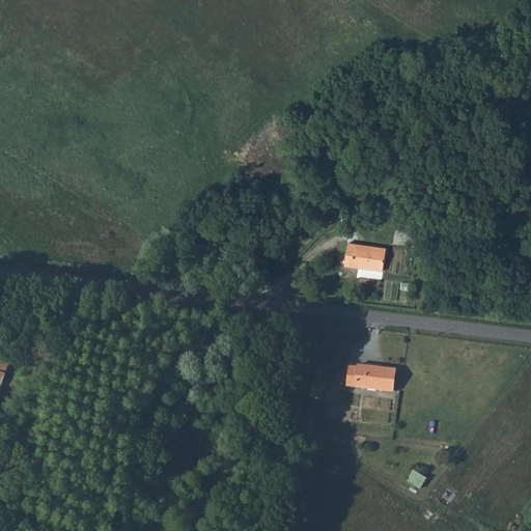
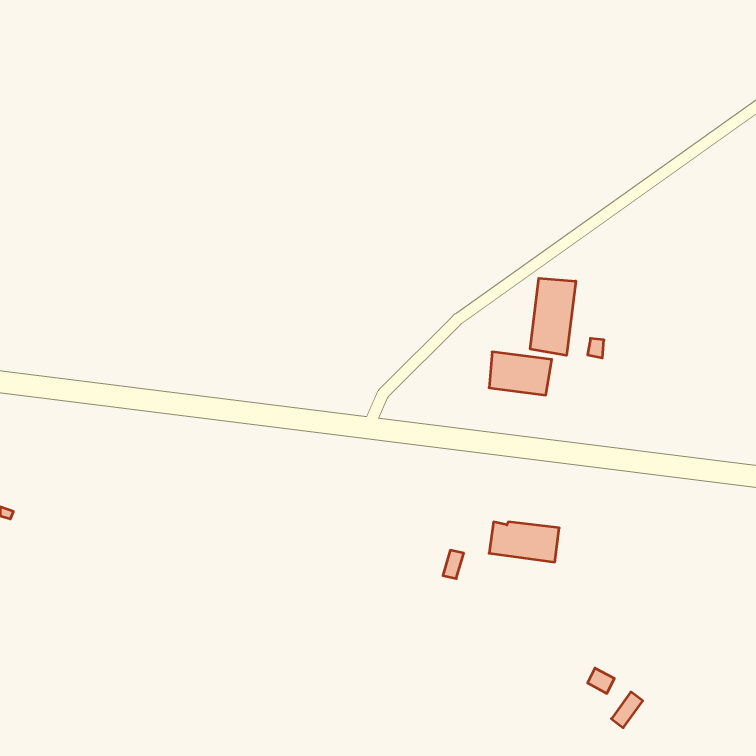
building: none -> [530,278,576,355]

